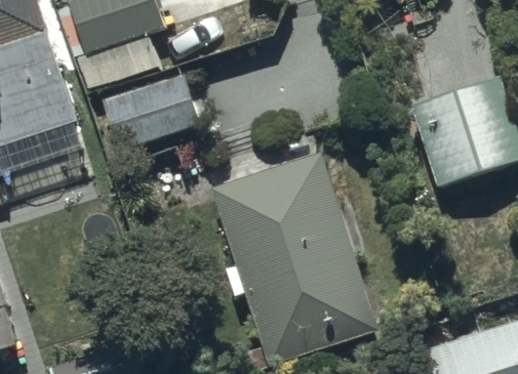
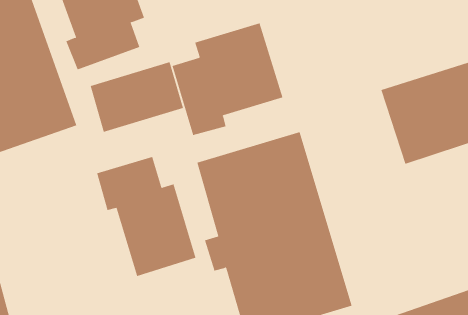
building: none -> [172,22,283,136]
building: none -> [97,156,196,277]

